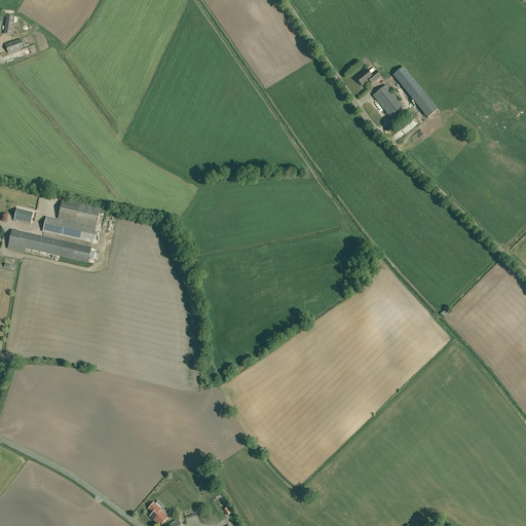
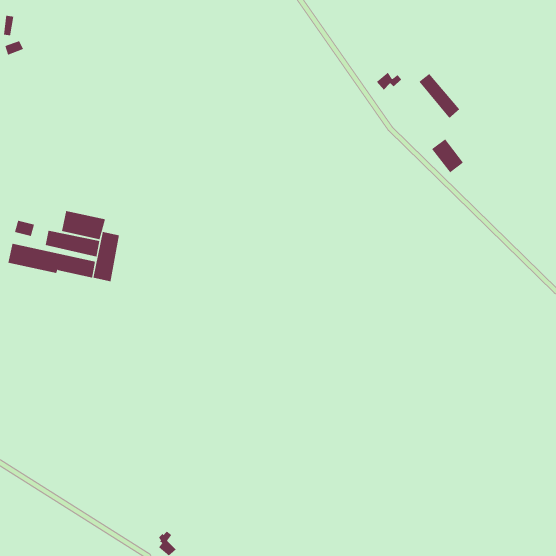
building: [372,84,403,117] -> [431,138,464,173]
building: none -> [93,231,120,282]

